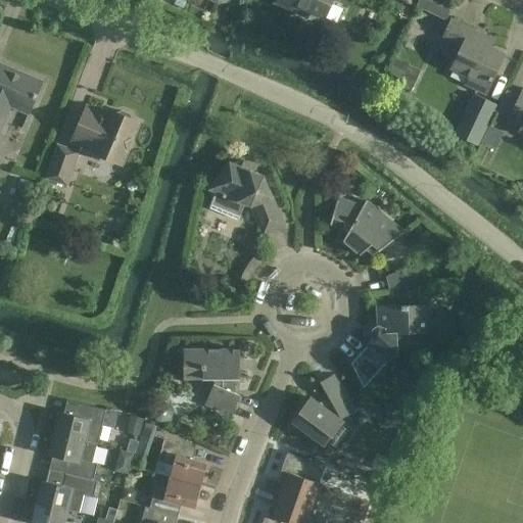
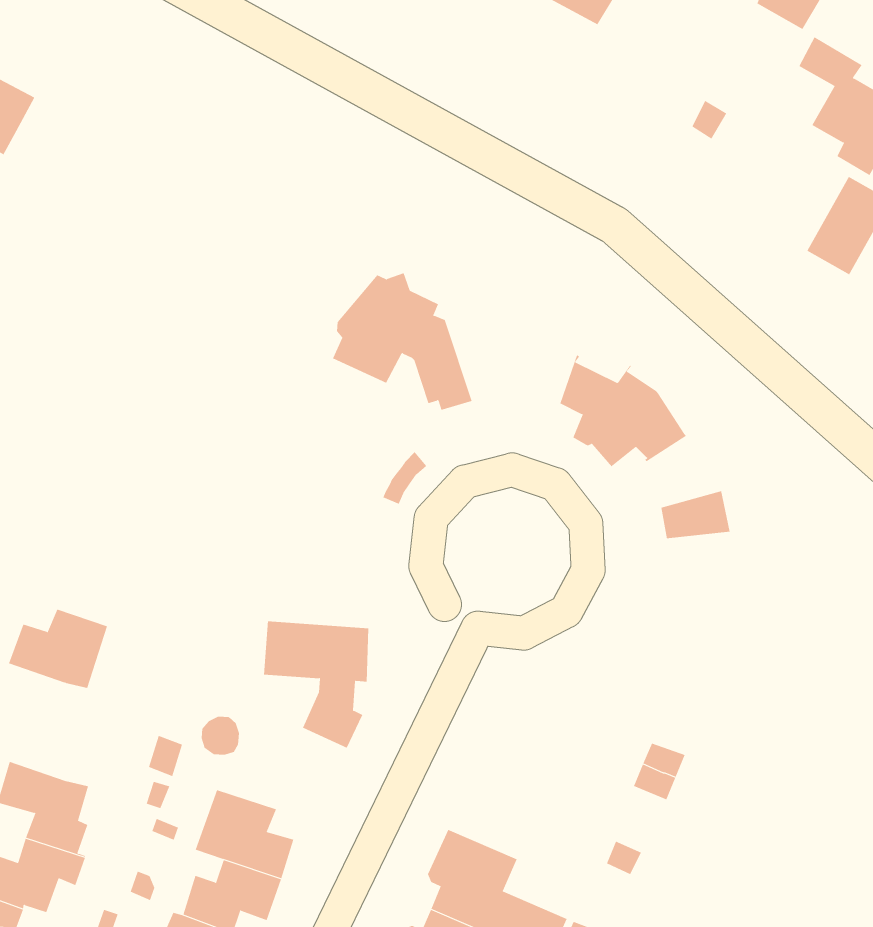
building: [69,107,137,167] -> none
building: [43,144,79,187] -> none
building: [349,296,437,389] -> none
building: [297,376,351,445] -> none
building: [52,403,103,444] -> [8,609,108,689]

